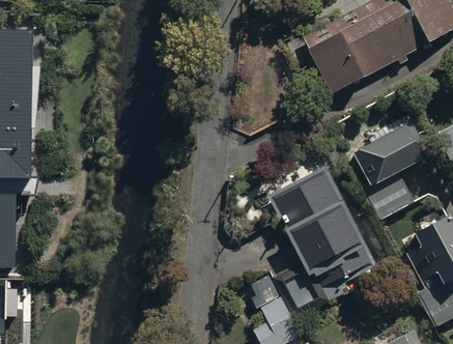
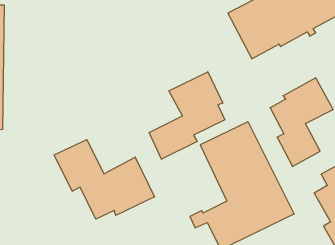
building: none -> [149,72,225,159]
building: none -> [54,140,155,219]

